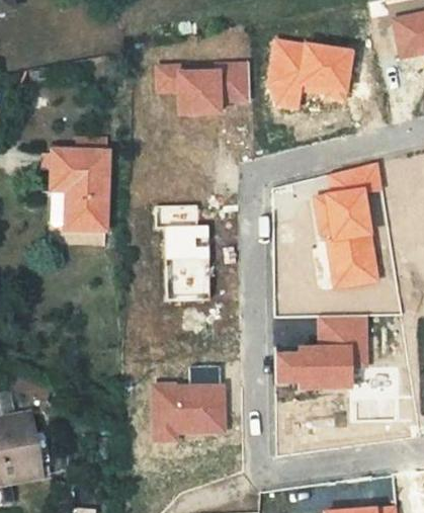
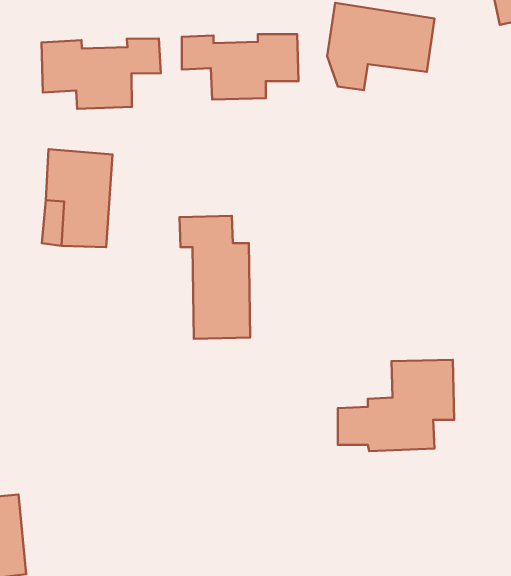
building: none -> [41,39,161,109]
building: [314,163,380,285] -> none
building: [152,366,225,439] -> none

